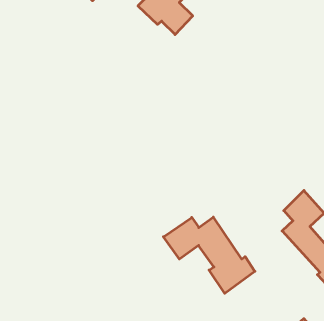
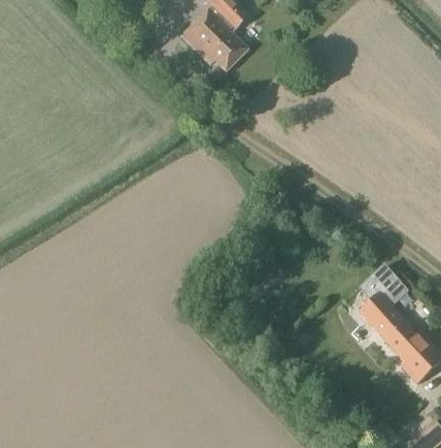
building: [163,217,255,293] -> none

